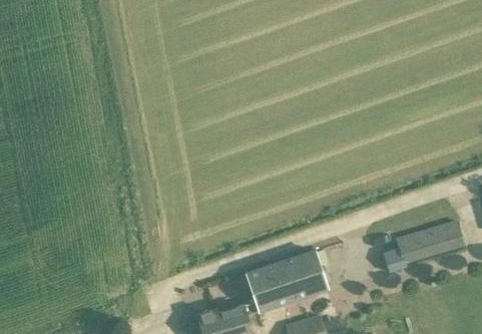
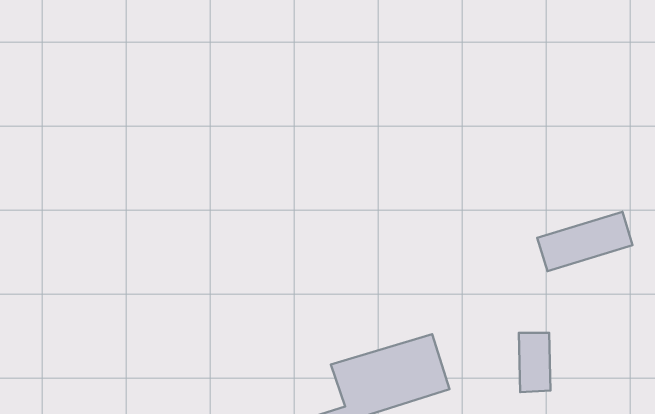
building: [397,223,463,264] -> [537,212,633,271]

